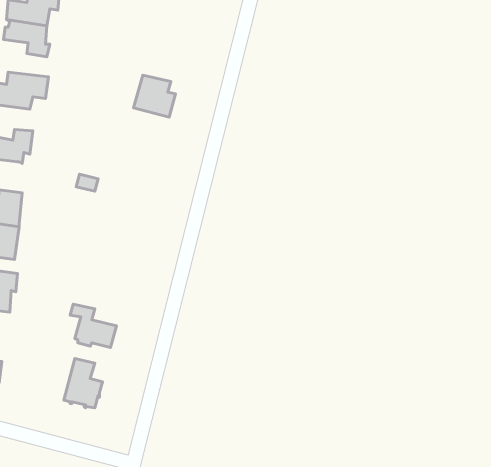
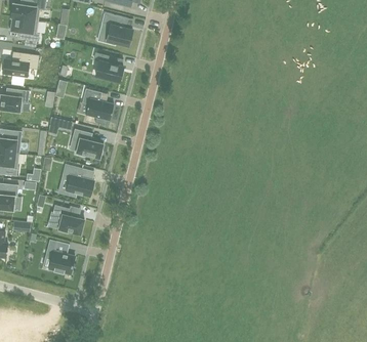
building: none -> [101,11,131,45]
building: none -> [81,88,113,120]
building: none -> [72,128,103,158]
building: none -> [63,164,93,197]

